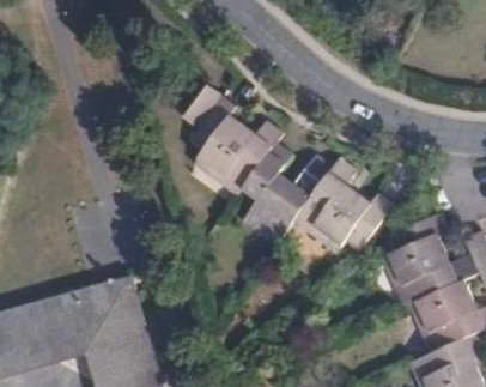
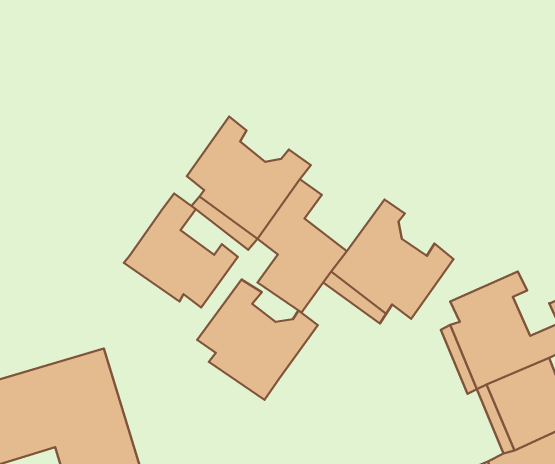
building: none -> [124,193,238,307]
building: none -> [197,280,318,400]

